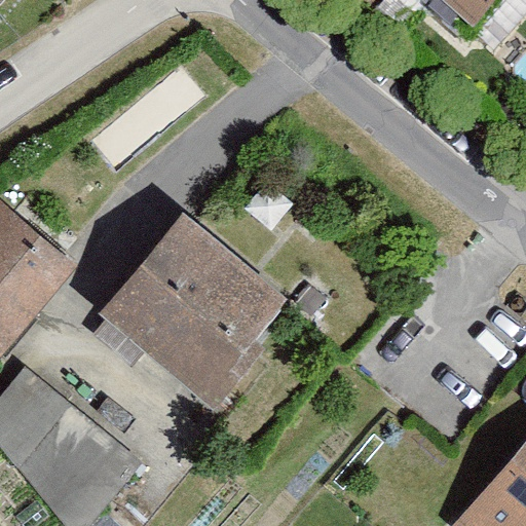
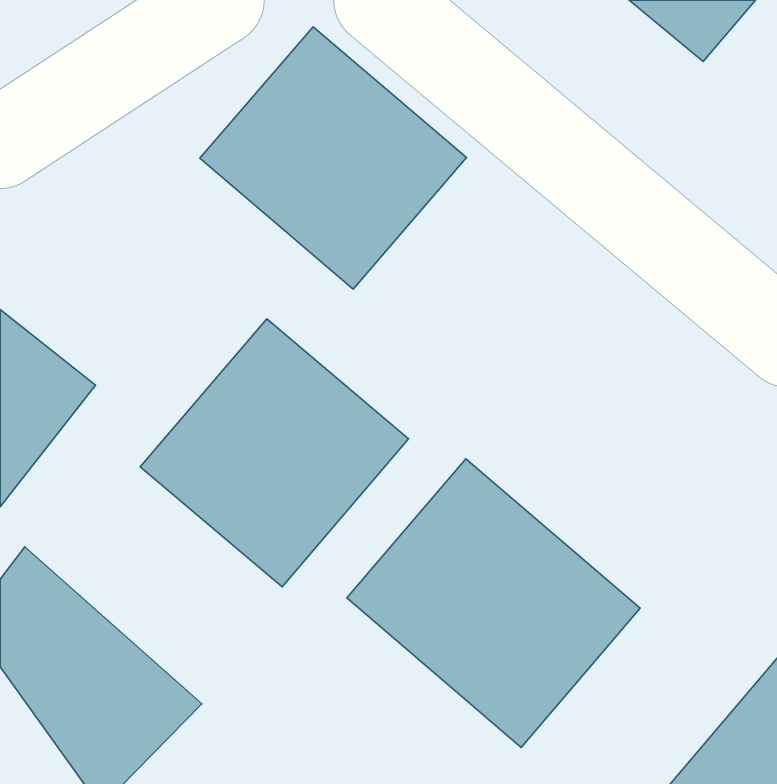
building: none -> [200,27,466,289]
building: none -> [347,459,640,748]

